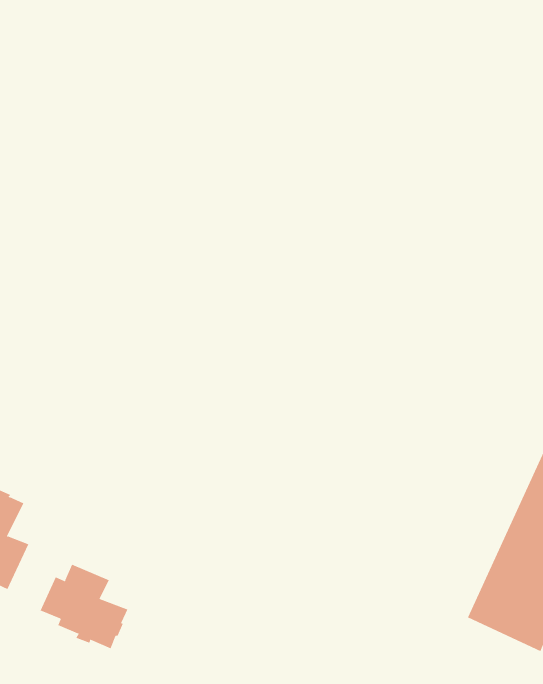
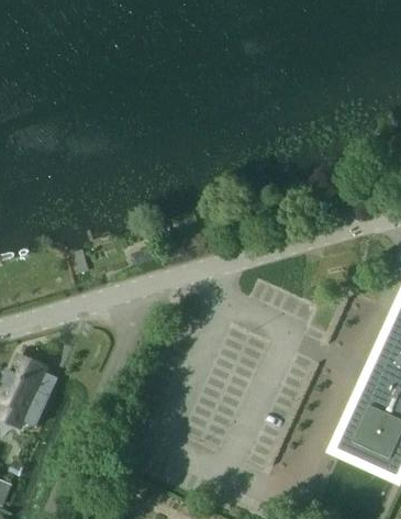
building: [40,564,128,649] -> none

